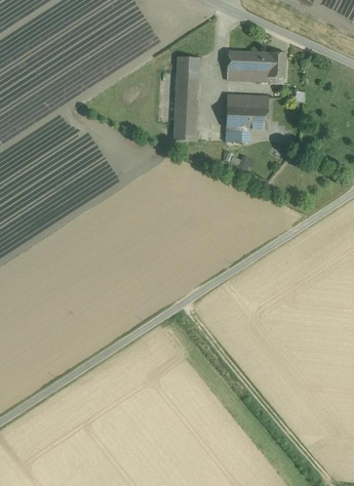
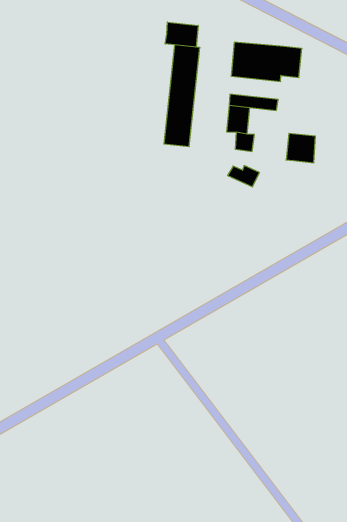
building: none -> [165,22,198,47]
building: [243,105,267,128] -> [286,133,315,163]

